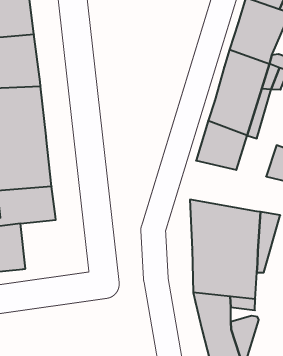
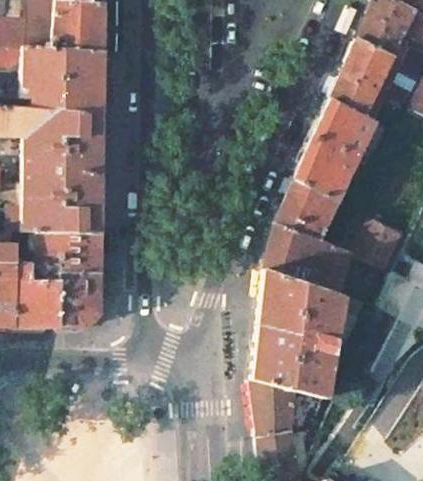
building: none -> [259,225,349,294]
building: none -> [55,273,98,328]

